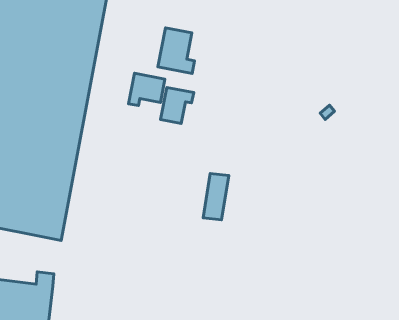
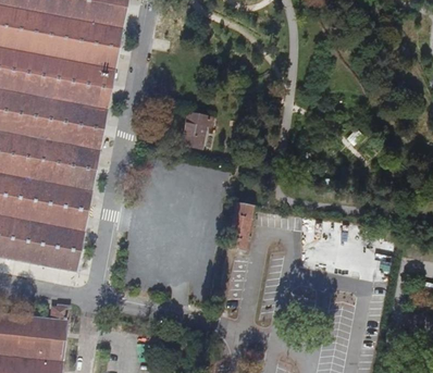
building: [158,28,195,74] -> none
building: [129,73,165,106] -> none

